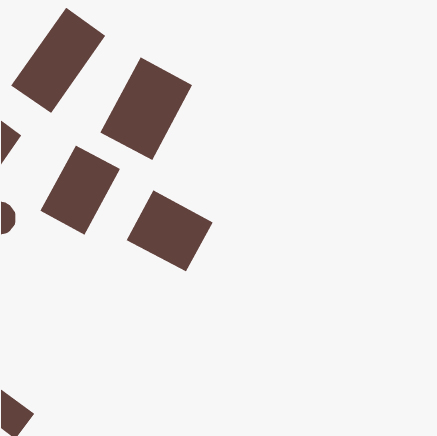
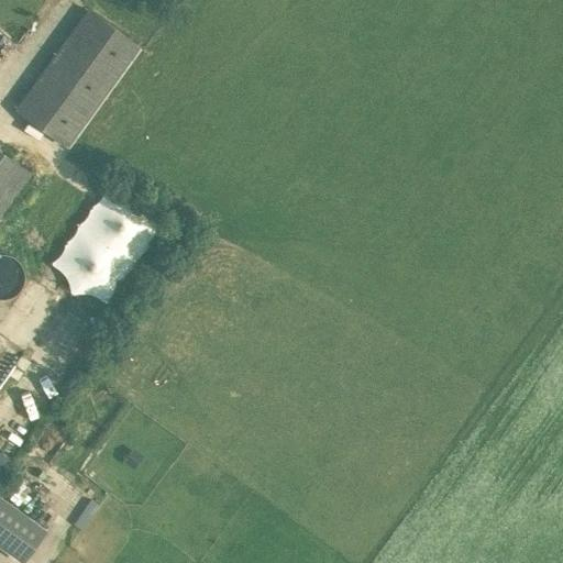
building: [99,56,193,161] -> none
building: [126,189,214,272] -> none

